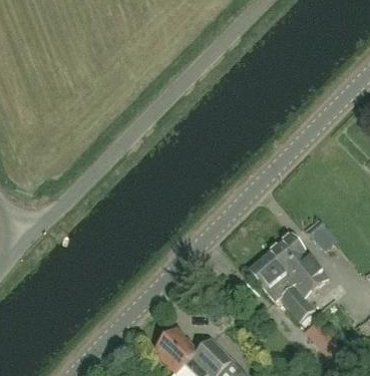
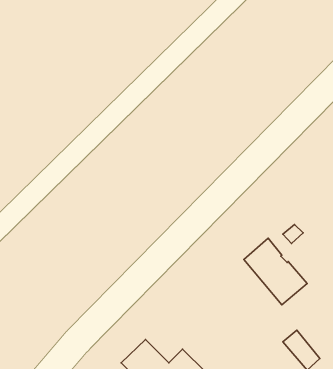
building: [250,253,315,320] -> none

